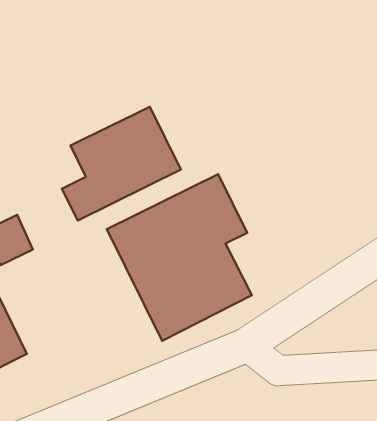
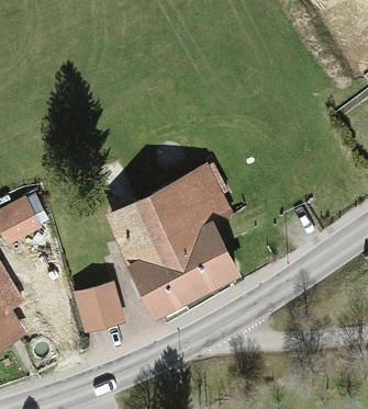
building: [62,107,181,220] -> none
building: none -> [75,282,123,337]

